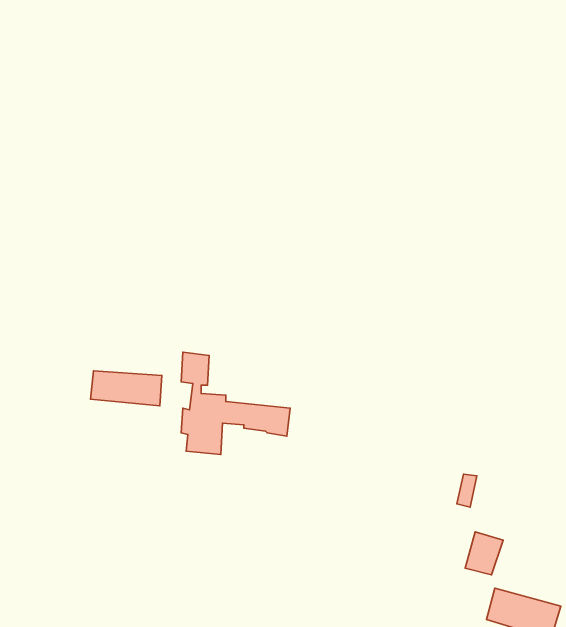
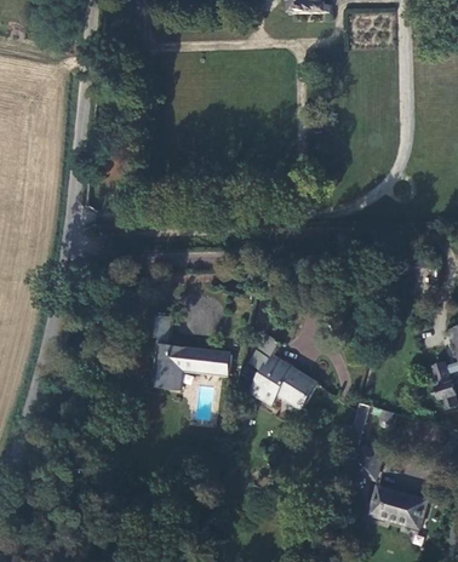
building: [90,371,162,406] -> none
building: none -> [245,333,314,411]

